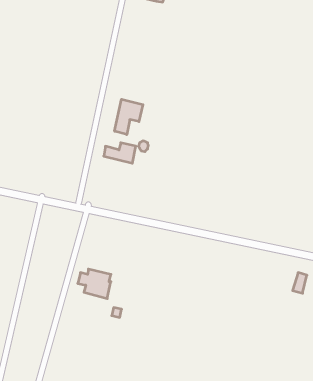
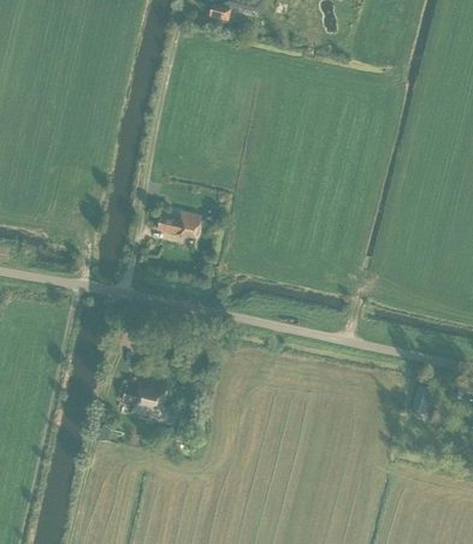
building: [115,99,143,135] -> none

